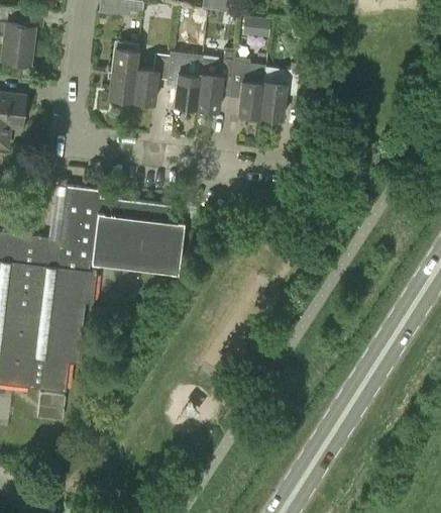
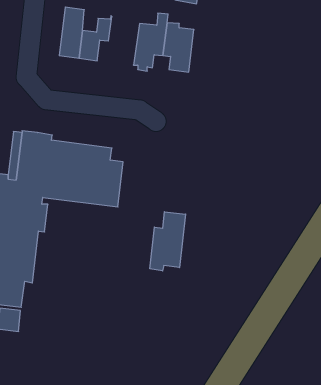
building: [168,54,204,110] -> none
building: [261,65,307,120] -> none
building: none -> [150,212,186,271]

